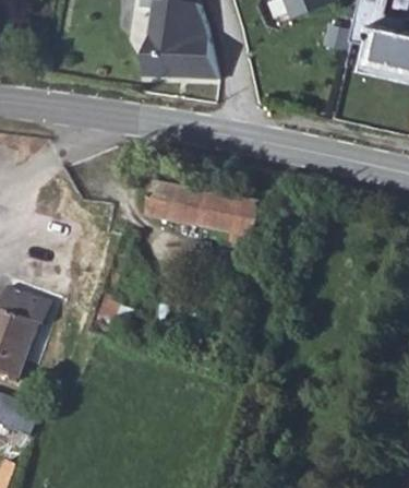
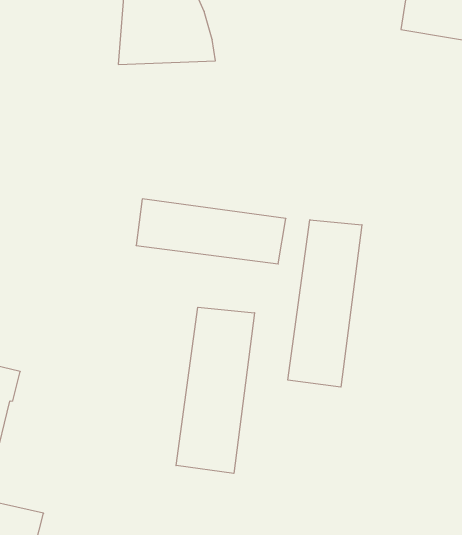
building: none -> [288,220,362,387]
building: none -> [176,307,255,473]

